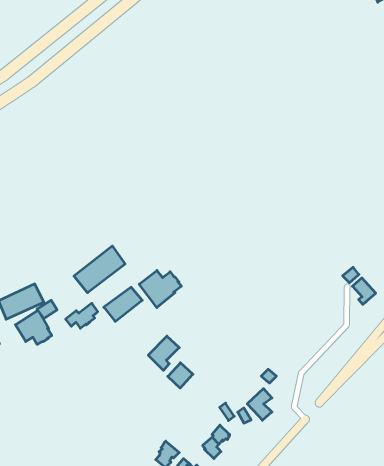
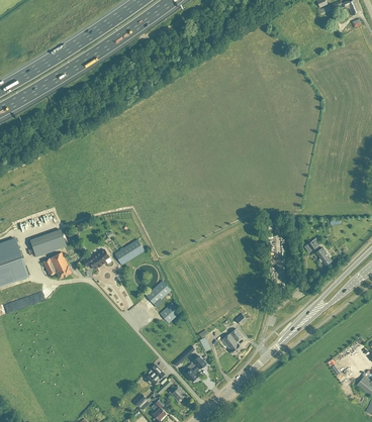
building: [74,246,125,293] -> none
building: [139,270,181,308] -> none

